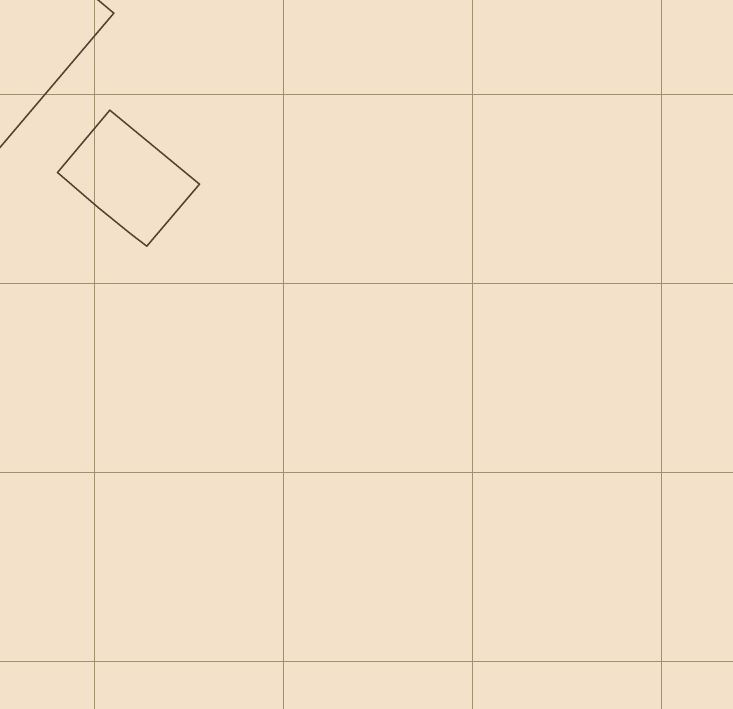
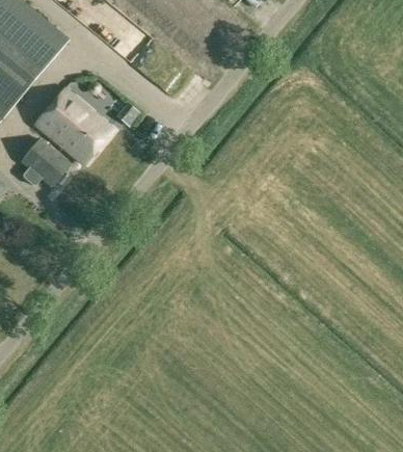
building: none -> [21,139,75,187]

